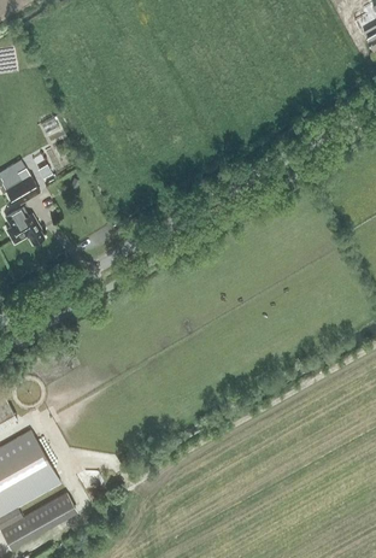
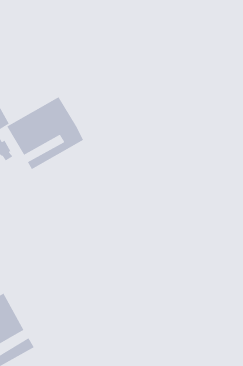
building: none -> [6,96,84,170]

